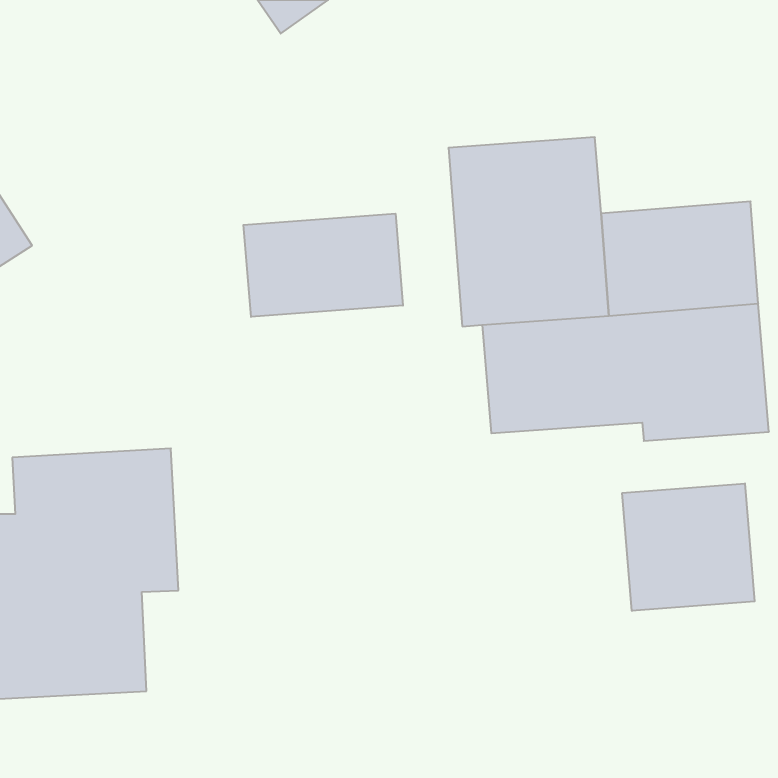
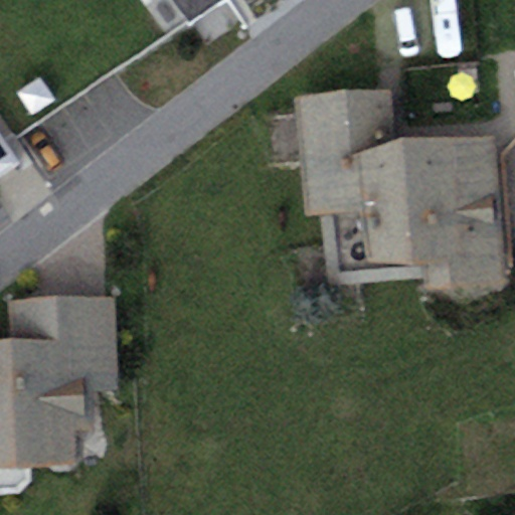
building: [243,214,403,317] -> none
building: [622,483,755,611] -> none

